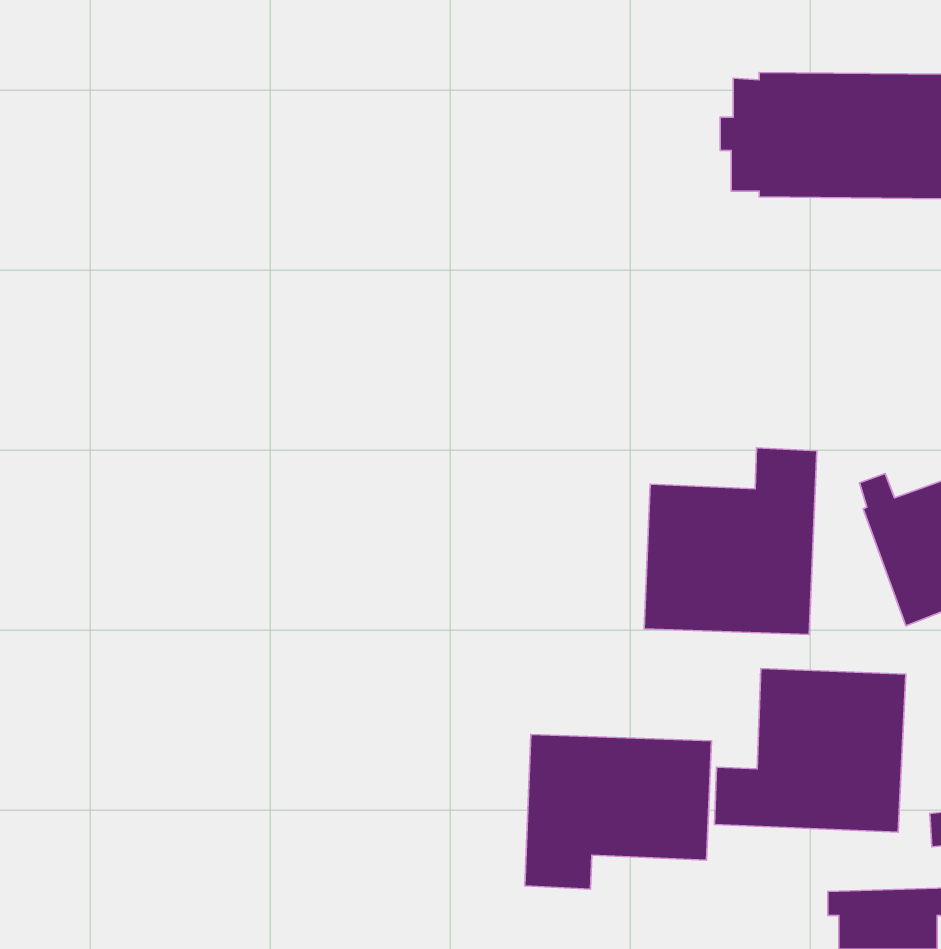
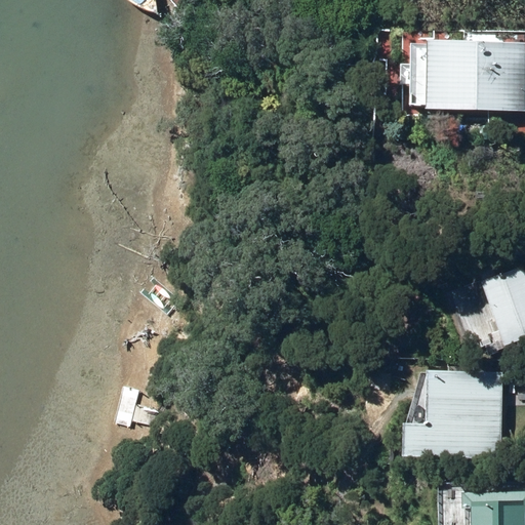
building: [644,448,817,634] -> none
building: [525,734,712,889] -> none

